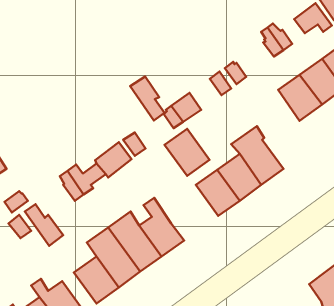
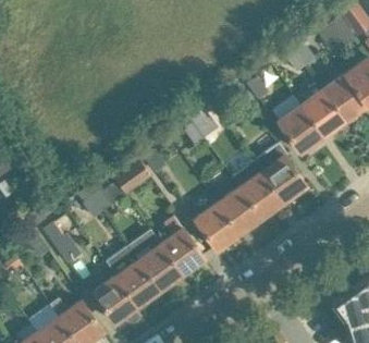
building: [130,76,165,121] -> none
building: none -> [278,106,322,154]
building: [165,129,210,176] -> [194,203,239,250]

